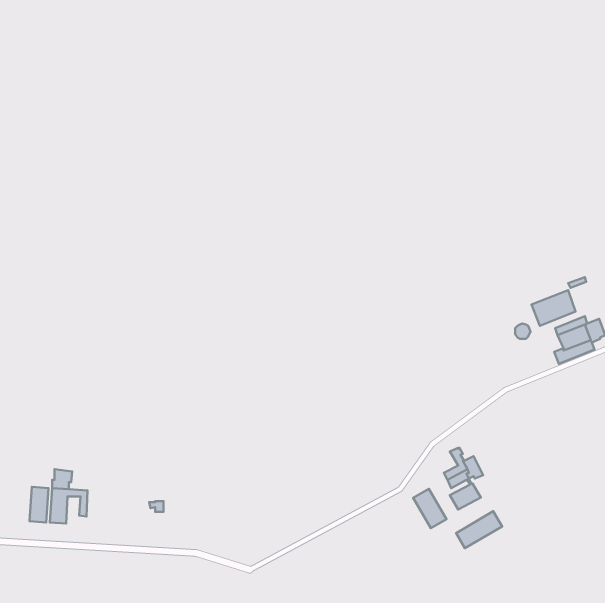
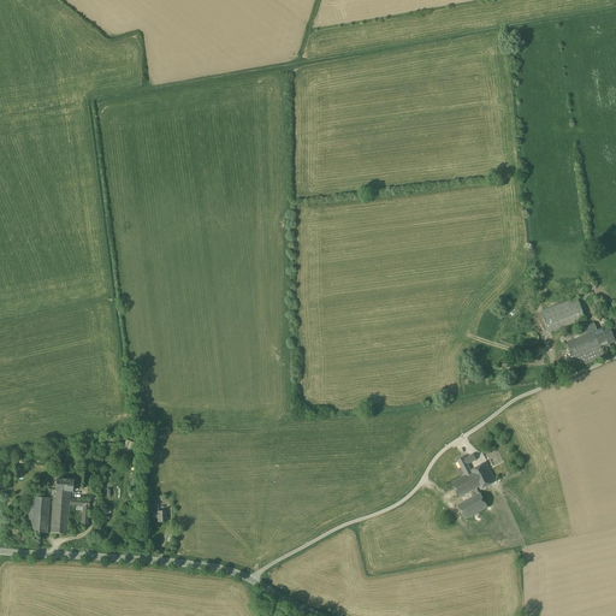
building: [413,489,446,528] -> none
building: [456,511,502,548] -> none

